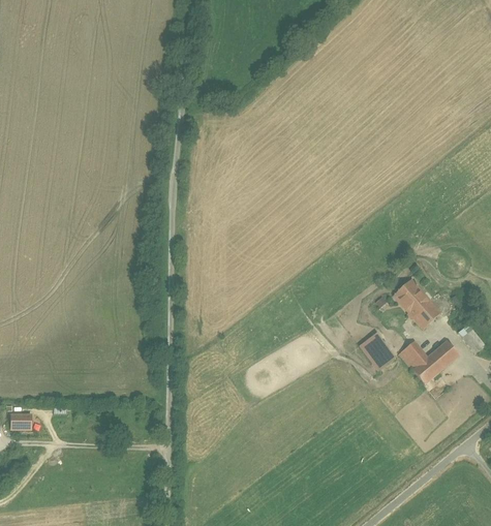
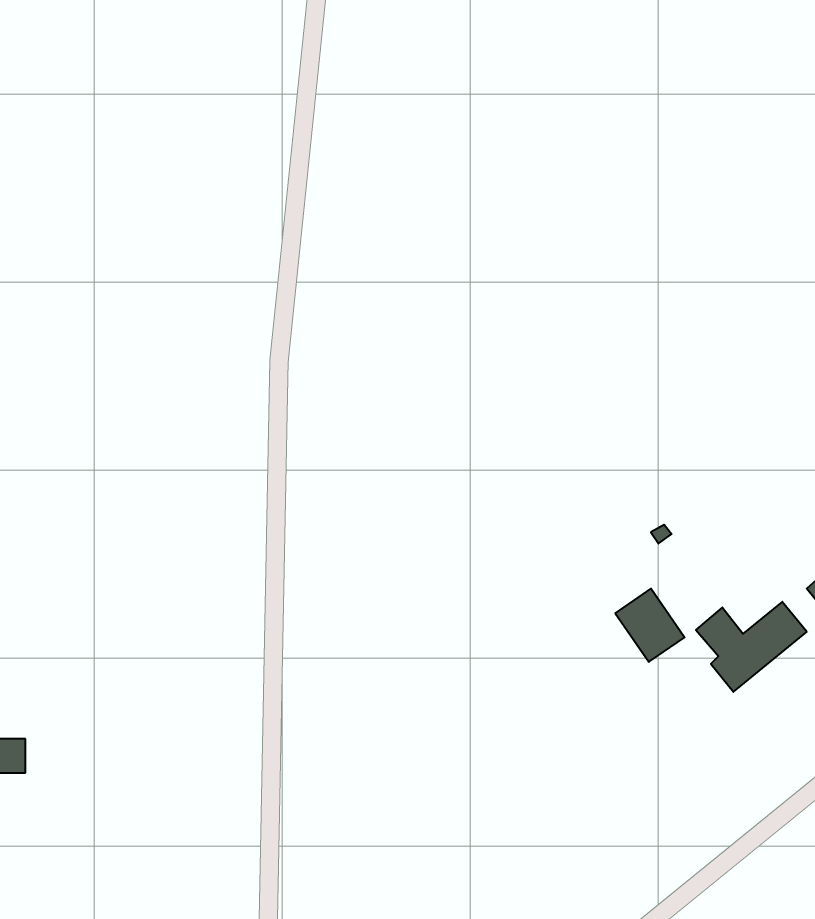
building: [392,276,441,329] -> none

